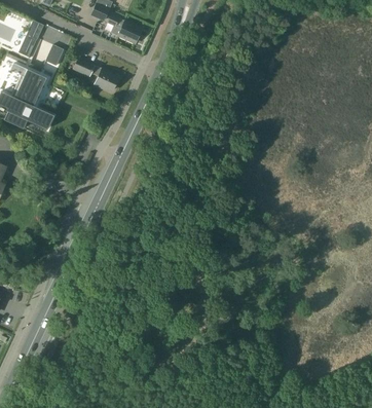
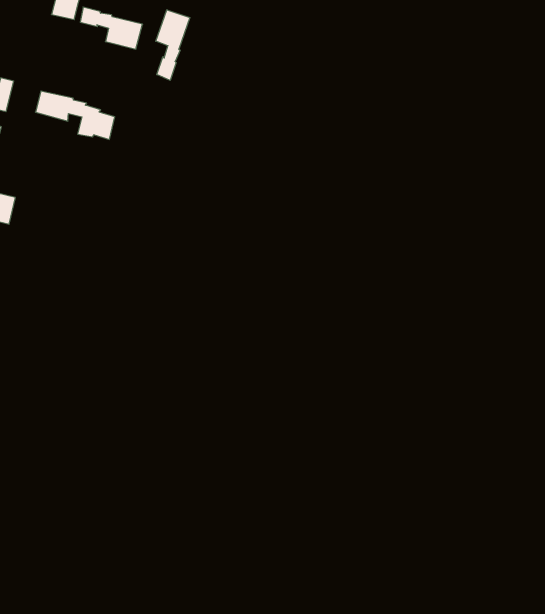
building: none -> [156,10,190,80]

